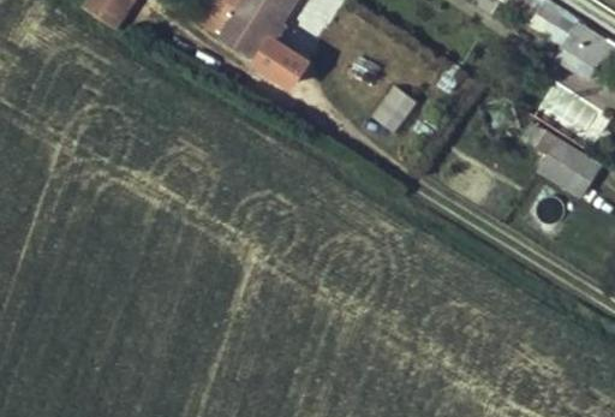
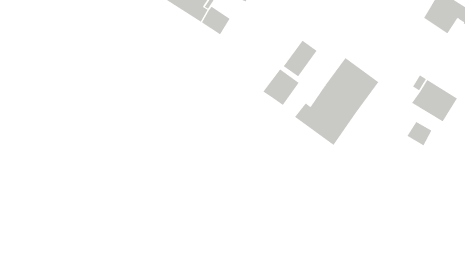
building: none -> [294,57,379,146]
building: none -> [263,68,300,106]

